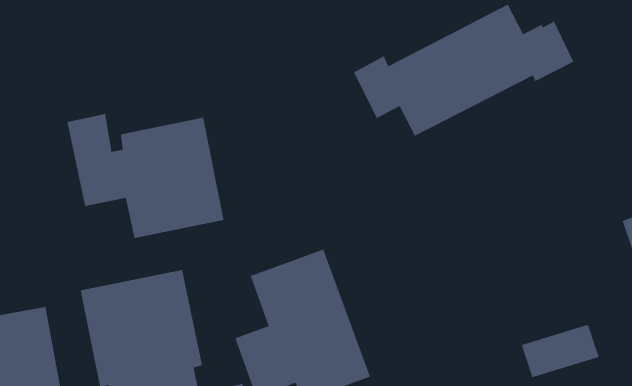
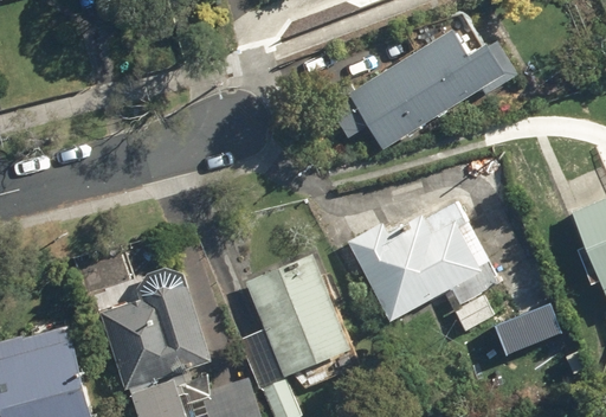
building: [67,113,224,239] -> none
building: none -> [348,201,498,332]

